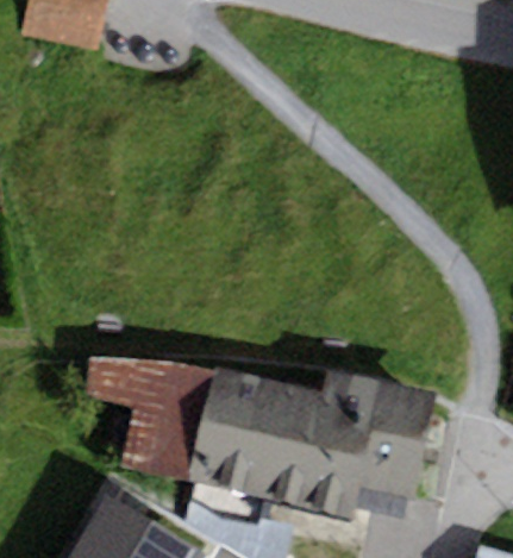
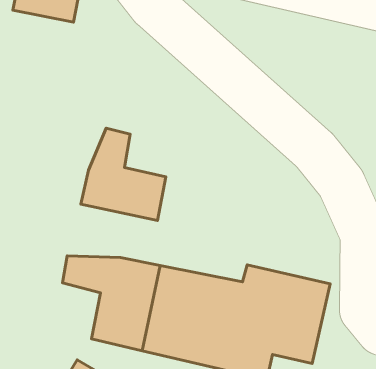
building: none -> [81,128,166,221]

